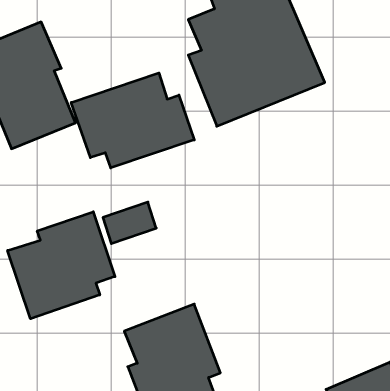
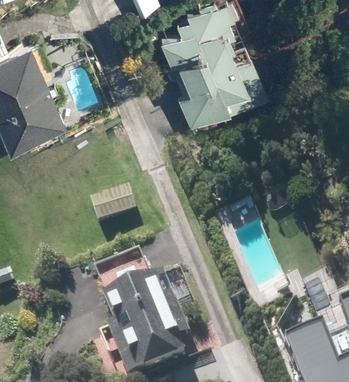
building: [71,73,194,168] -> none
building: [8,212,115,319] -> none

